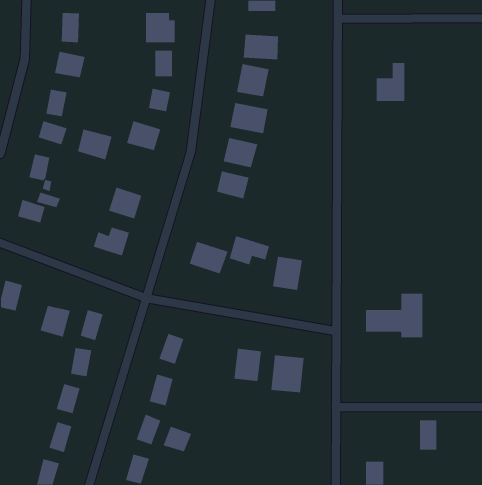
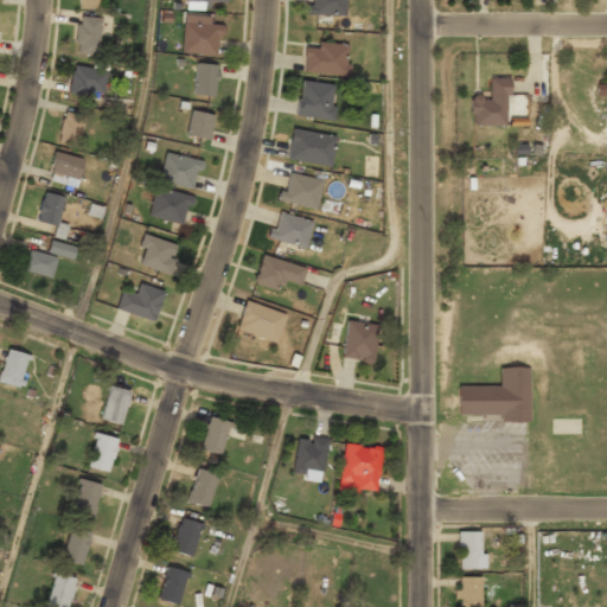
building: [77,129,112,160] -> [152,186,196,225]
building: [229,236,270,265] -> [257,255,308,292]
building: [40,305,71,338] -> none
building: [419,420,437,450] -> [461,531,484,569]
building: [163,426,192,452] -> none

